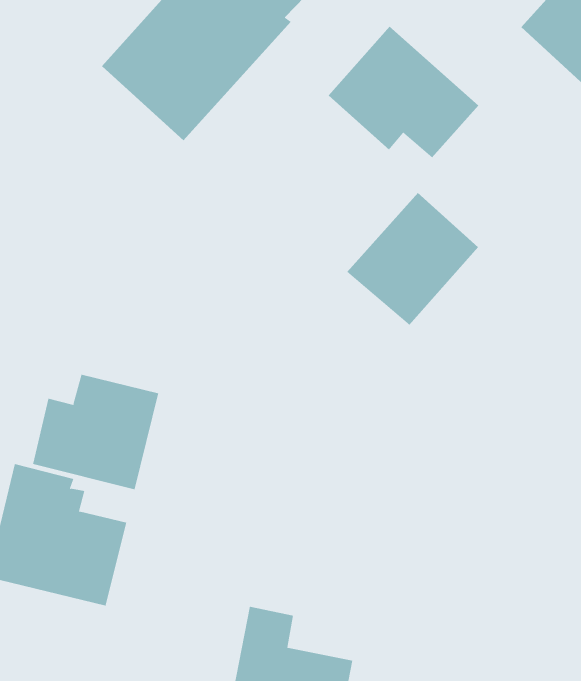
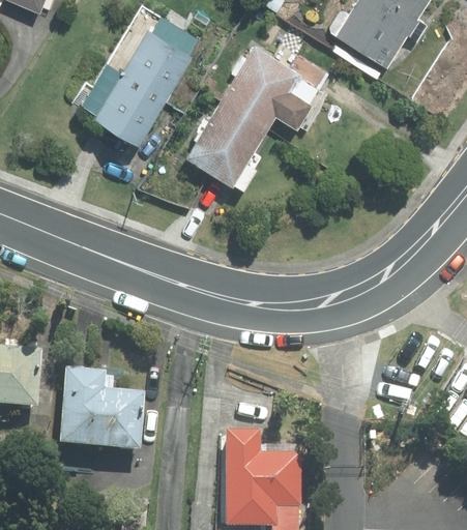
building: [346,192,479,325] -> [186,100,267,185]
building: [32,374,159,490] -> none

